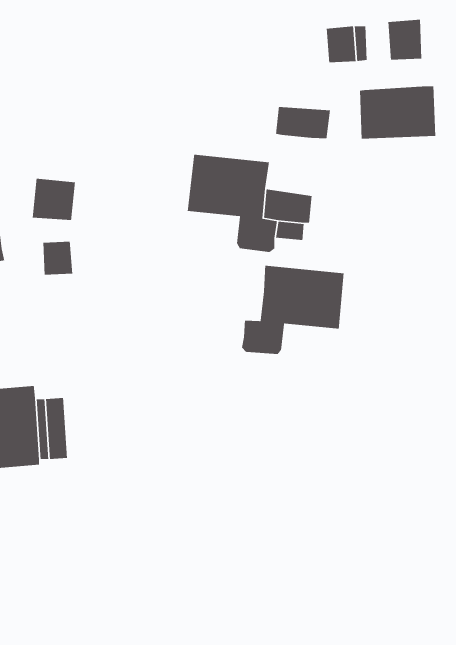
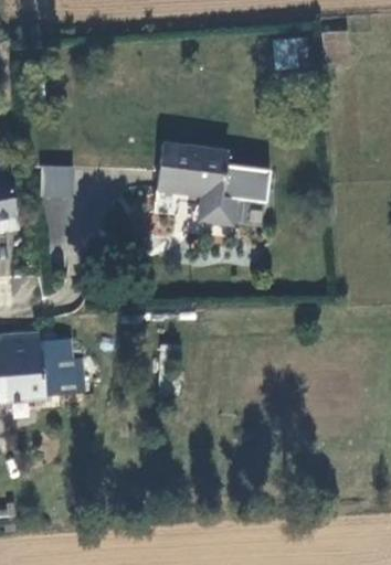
building: [359,86,436,140] -> none
building: [275,106,331,139] -> none
building: [241,265,344,355] -> none

